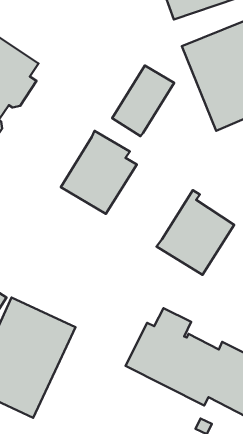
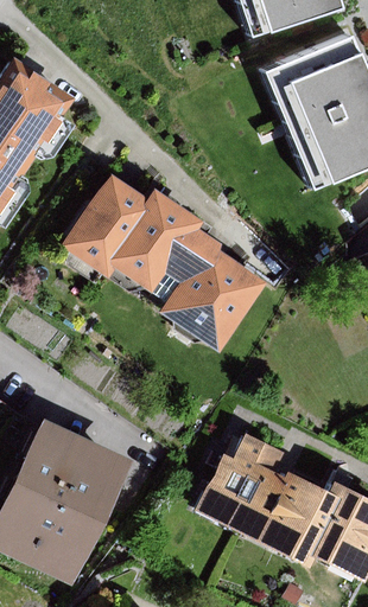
building: [112,65,174,136] -> [61,173,146,270]
building: [157,190,234,275] -> [158,235,265,351]

